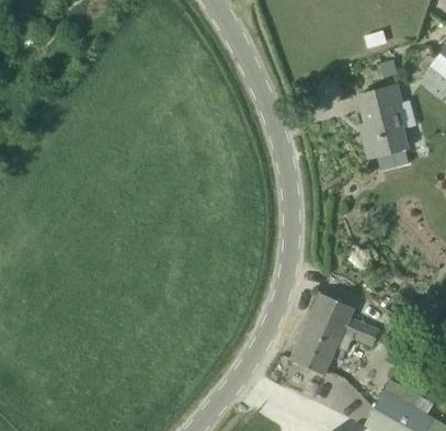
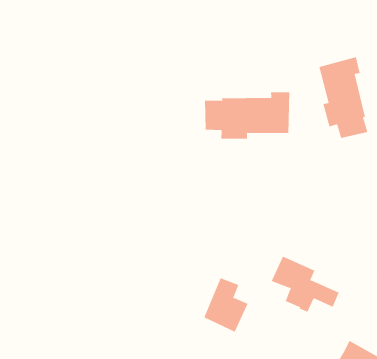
building: none -> [205,91,290,139]
building: [290,319,338,376] -> [203,278,249,332]

